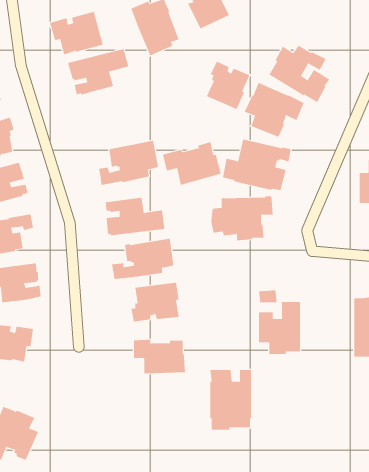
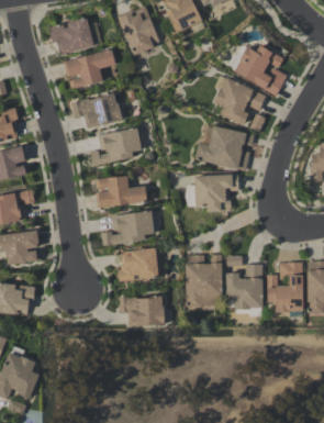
building: [206,61,250,110] -> none
building: [162,141,222,185] -> [71,91,122,129]
building: none -> [266,261,302,312]
building: [209,370,252,430] -> [185,254,221,305]

